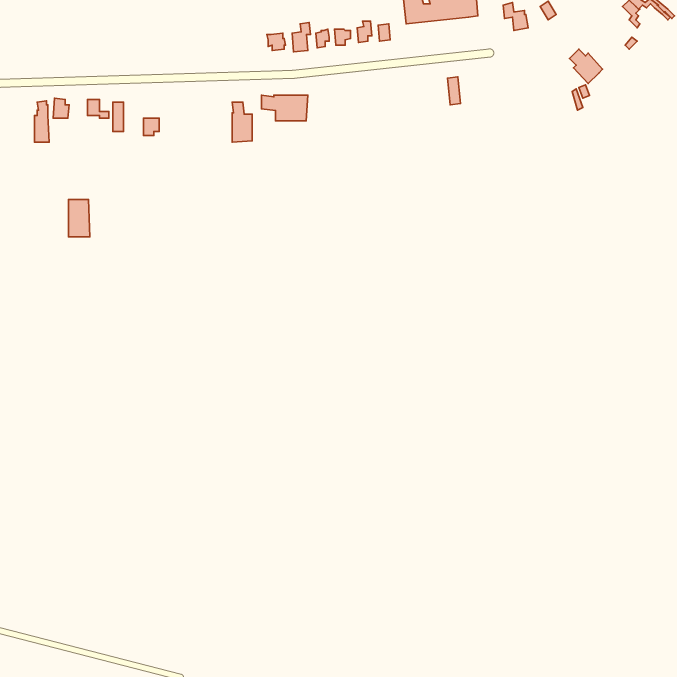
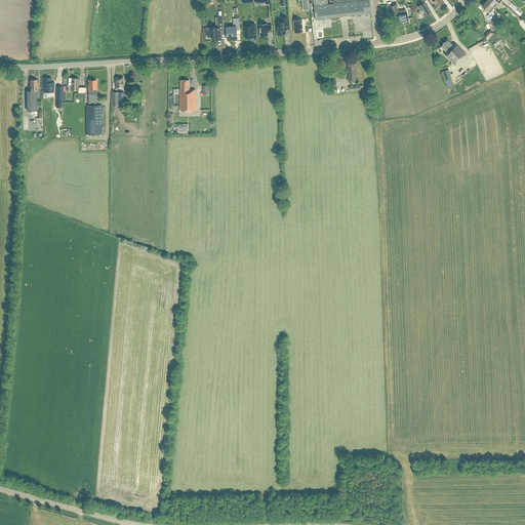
building: [262,95,308,121] -> none
building: [69,200,90,237] -> [85,105,102,133]

